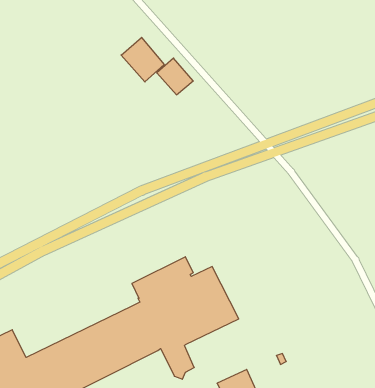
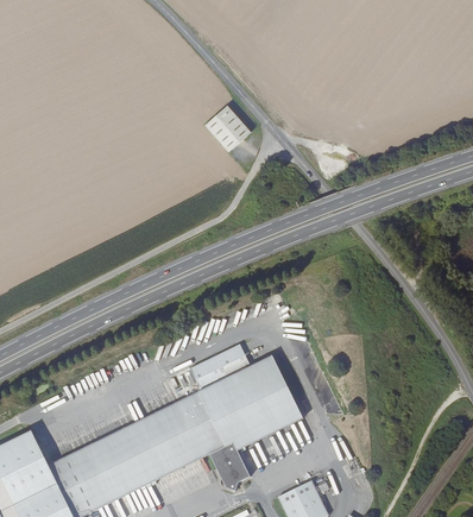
building: [121,37,164,82] -> none

